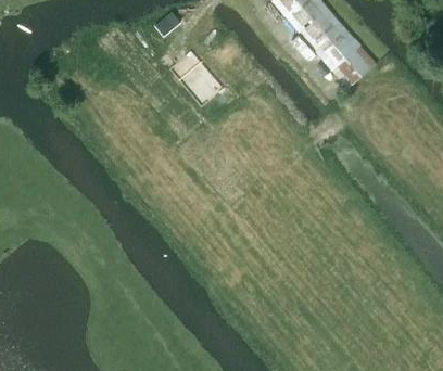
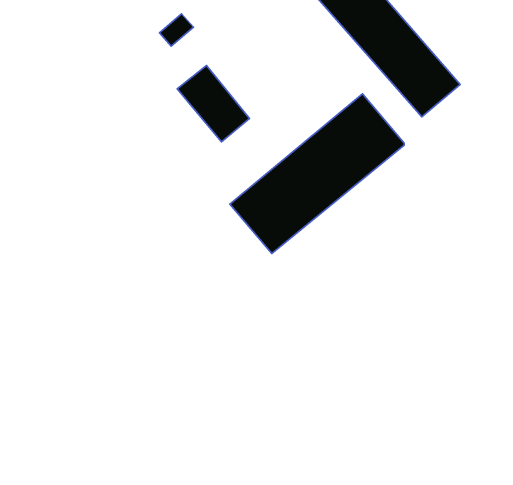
building: none -> [230,94,404,254]

